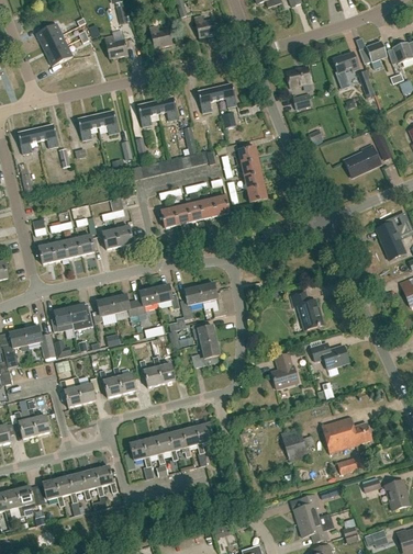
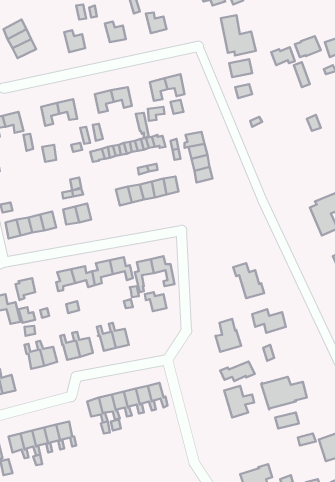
building: none -> [221,15,256,56]
building: [344,144,380,177] -> none
building: [68,304,93,330] -> none
building: [191,340,220,368] -> none
building: none -> [220,361,255,381]
building: [293,494,319,523] -> none

